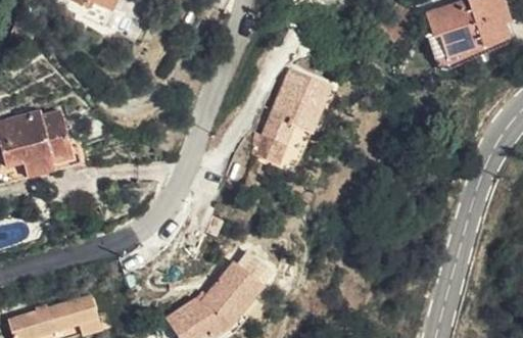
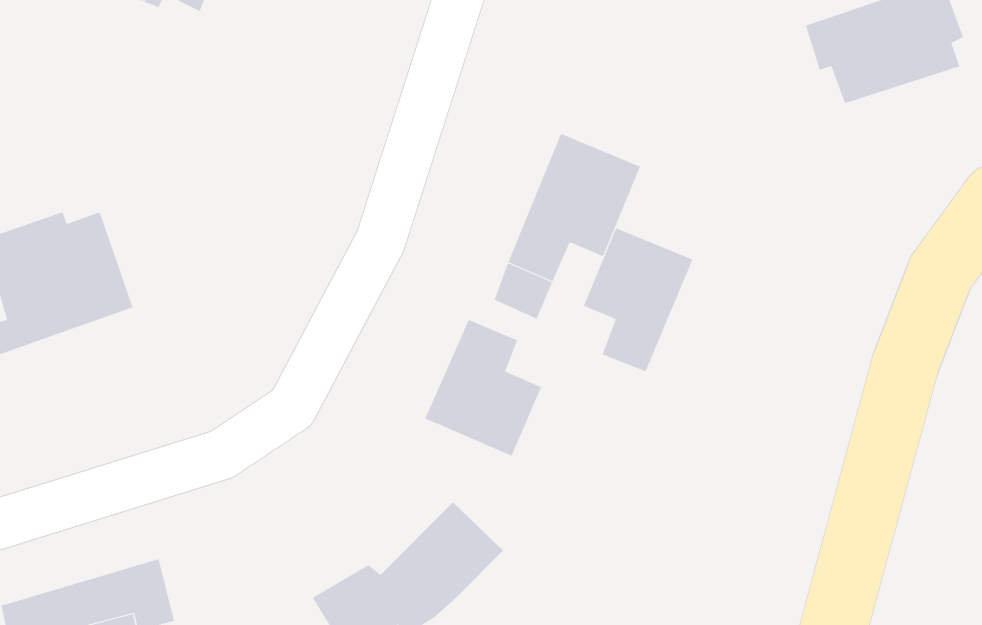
building: none -> [583,227,693,372]
building: none -> [425,319,542,457]

